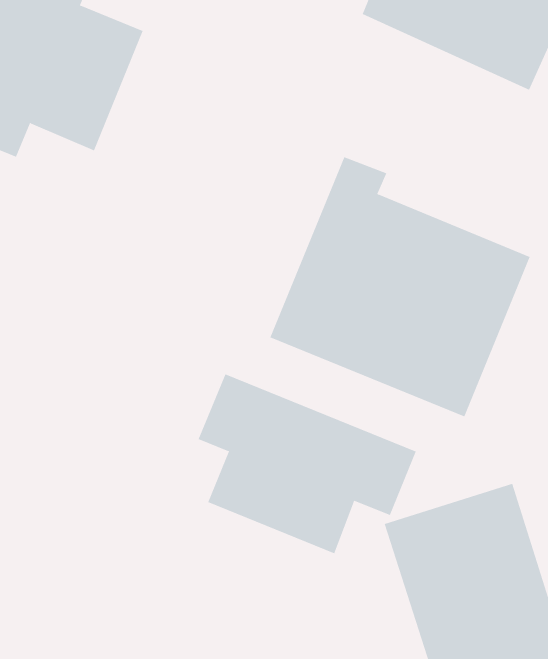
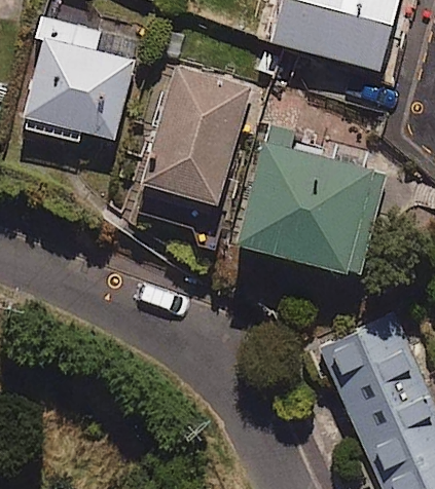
building: none -> [138,64,253,208]
building: [198,373,417,554] -> none

